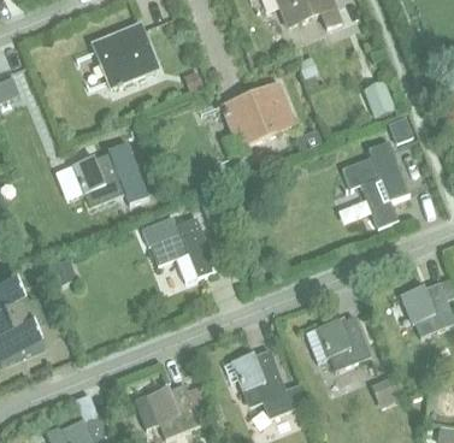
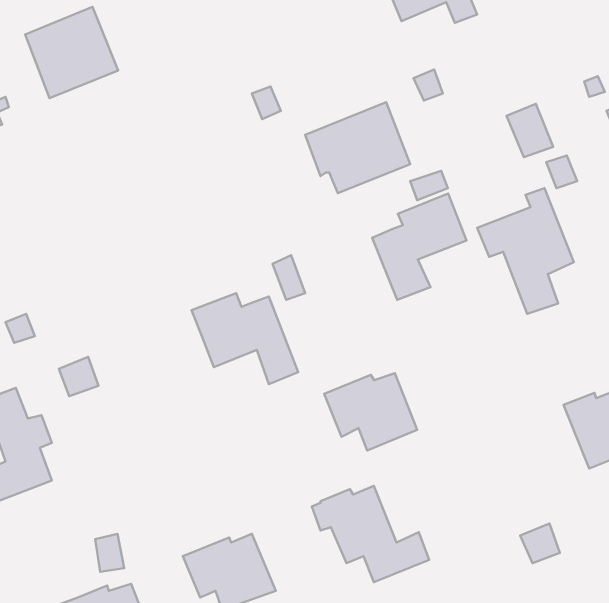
building: [93,23,158,87] -> [25,7,118,98]
building: [70,141,148,206] -> none
building: none -> [372,194,467,300]
building: [305,317,370,371] -> [324,373,417,451]

